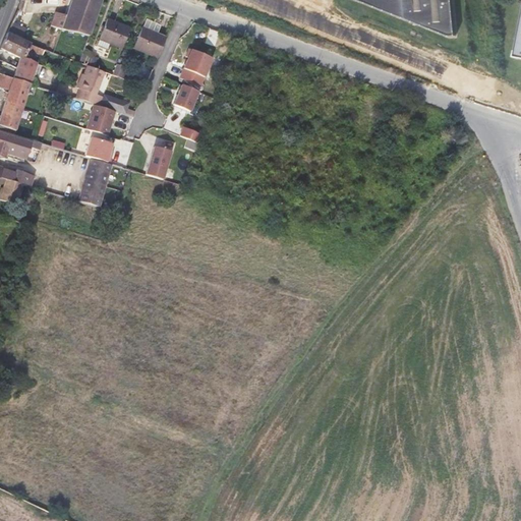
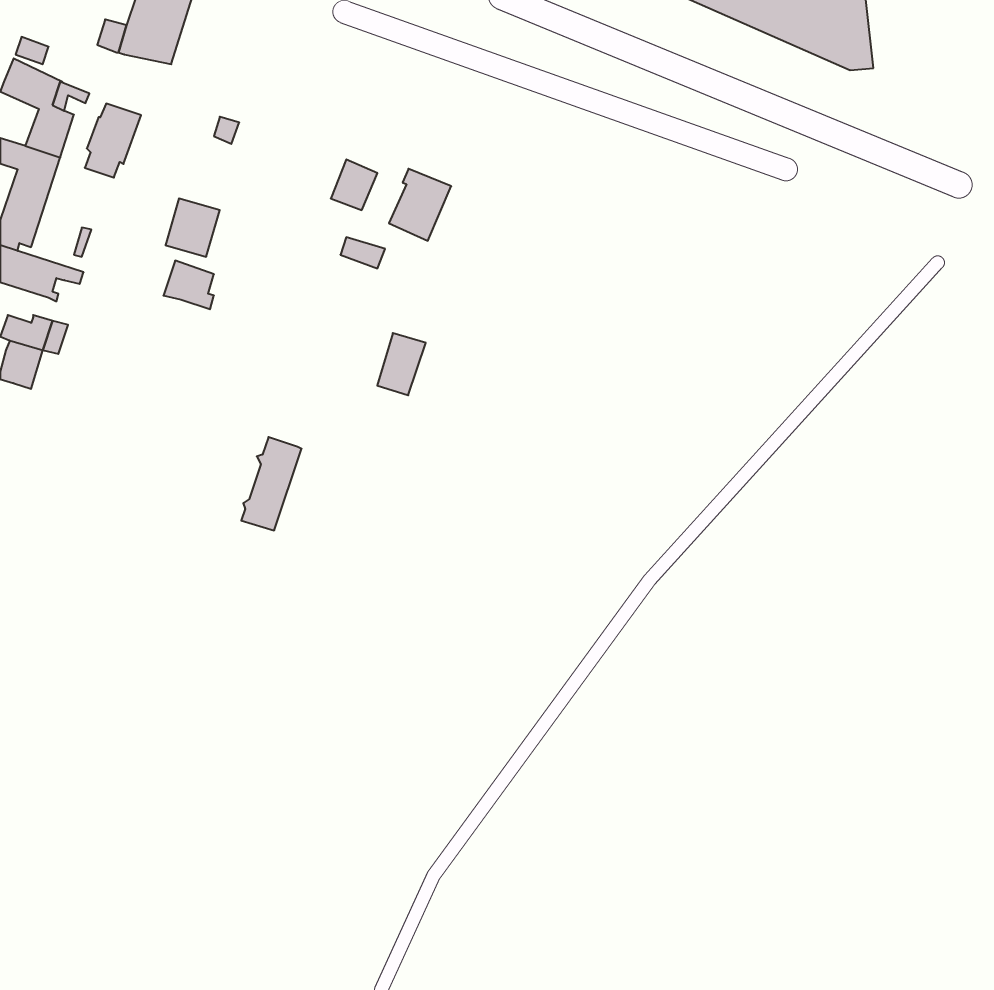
building: [99,17,130,47] -> none
building: [134,24,167,55] -> none
building: [178,49,211,86] -> [389,169,451,241]
building: [76,64,106,103] -> [85,104,141,178]
building: [147,146,172,178] -> [377,333,426,395]
building: [80,157,112,206] -> [241,437,302,530]

